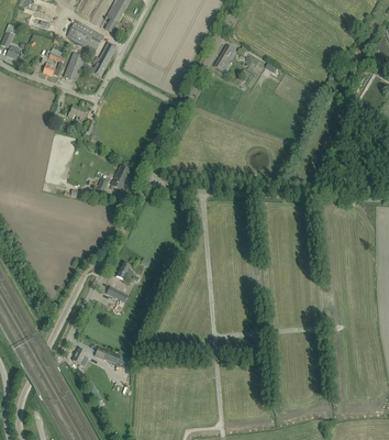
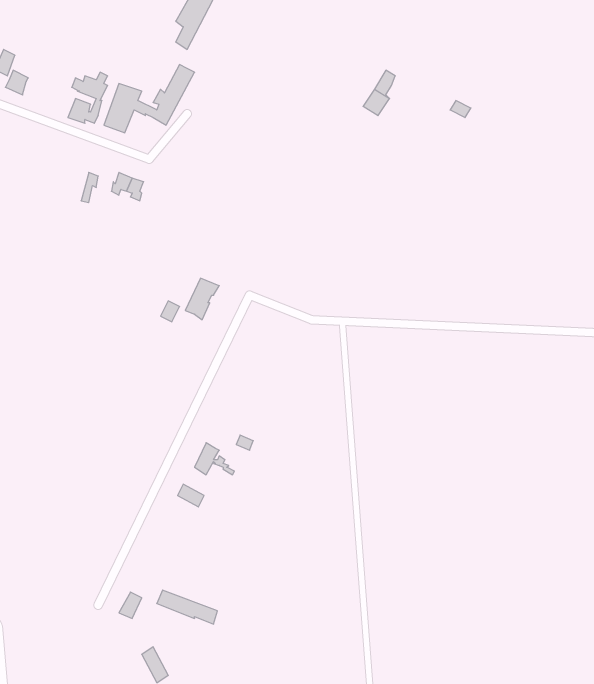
building: [65,19,103,54] -> none

